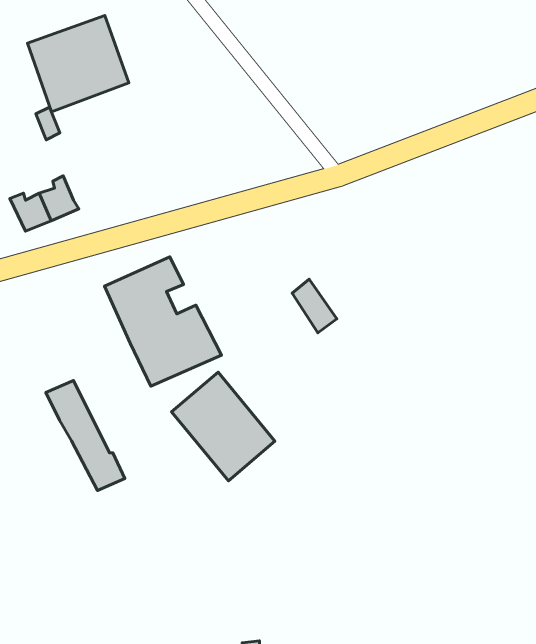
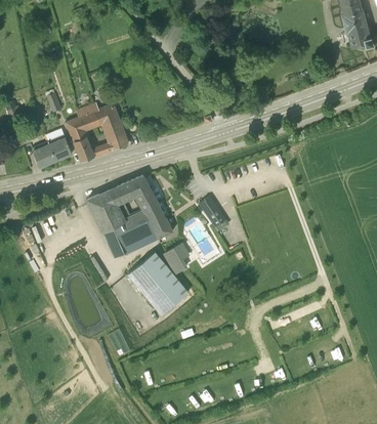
building: [27,16,129,112] -> [67,103,127,161]
building: none -> [163,243,190,273]
building: [46,380,125,491] -> [126,174,173,240]

